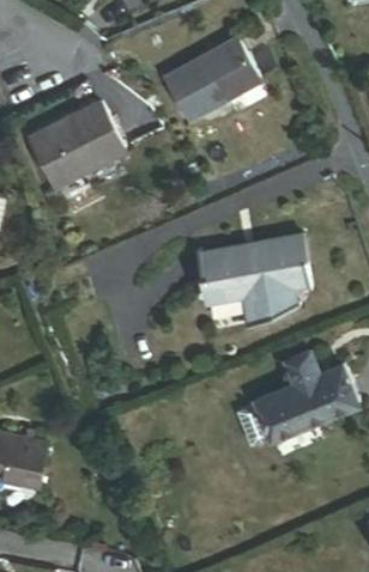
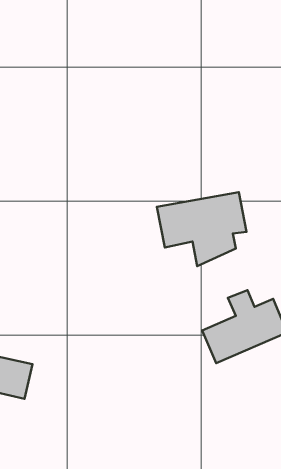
building: [168,39,260,120] -> none
building: [34,103,126,185] -> none

